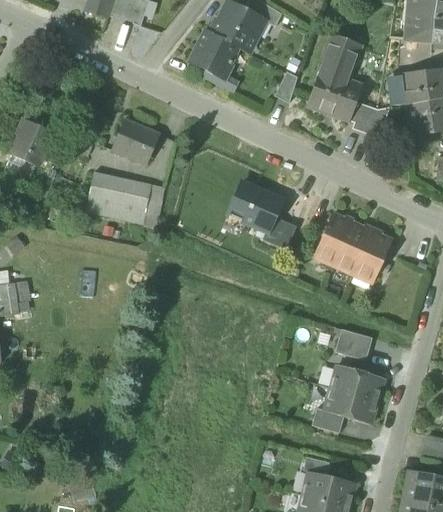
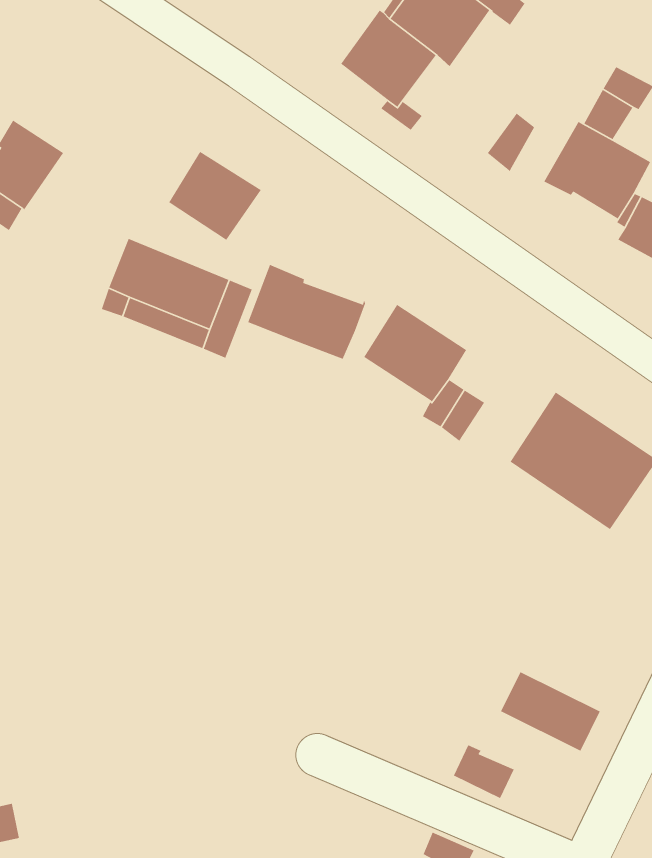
building: none -> [247,264,366,360]
building: [334,328,371,359] -> none
building: [323,387,376,424] -> none

